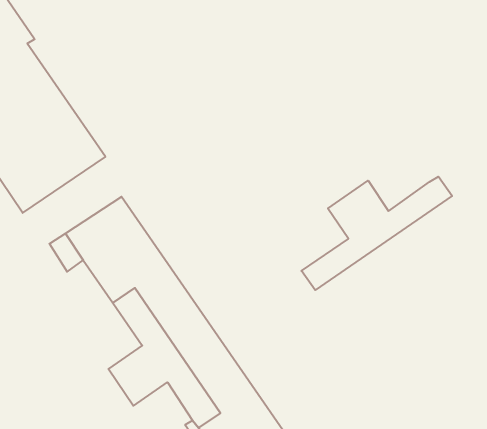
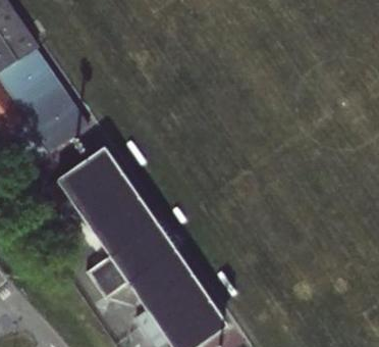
building: [301,177,452,290] -> none

